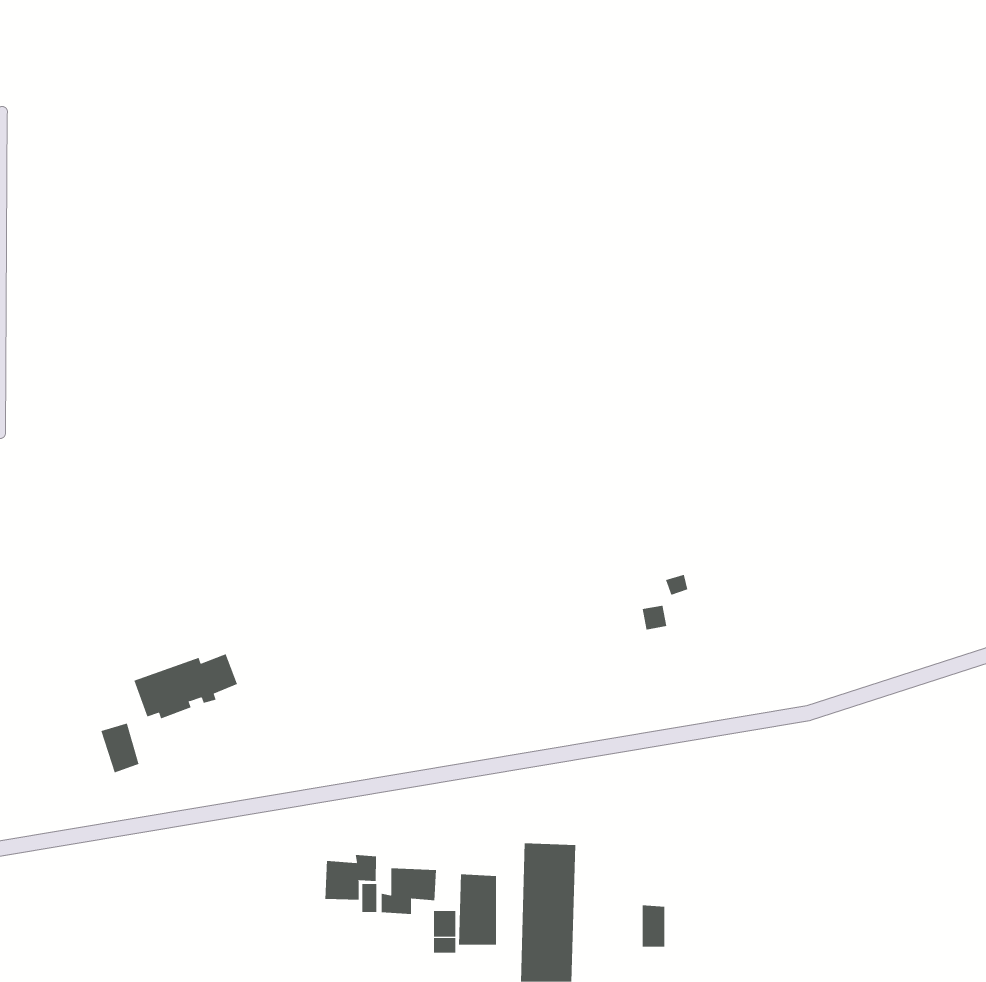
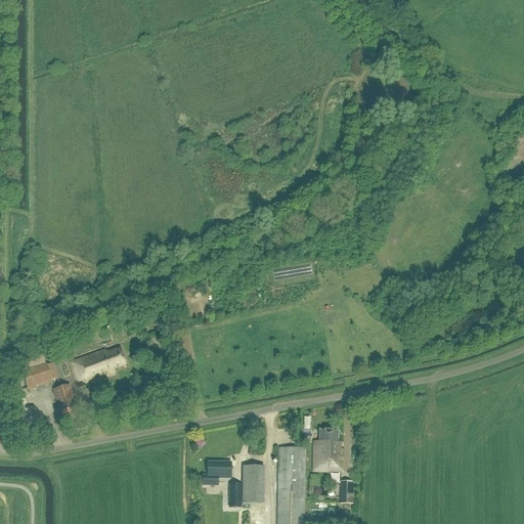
building: none -> [23,360,53,388]
building: none -> [314,428,344,470]
building: [325,854,377,900] -> none

